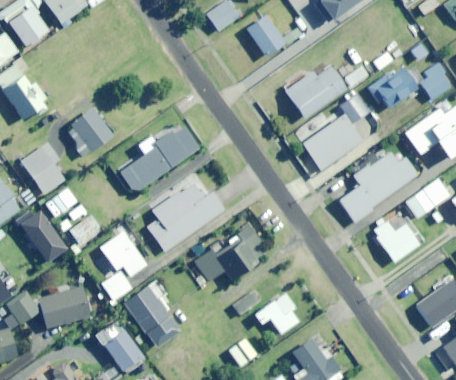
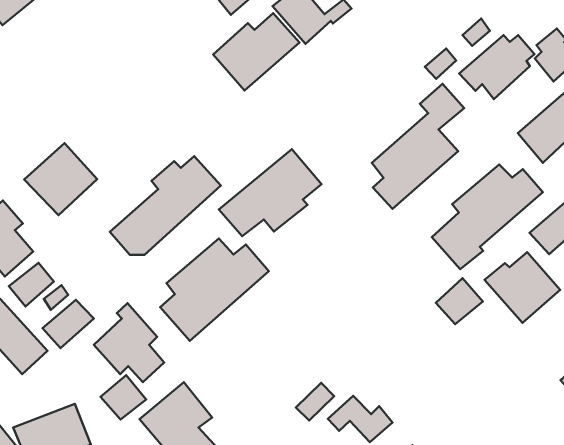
building: [285,67,345,118] -> [213,13,300,91]
building: [195,225,267,281] -> [219,149,322,236]
building: none -> [436,278,483,324]

